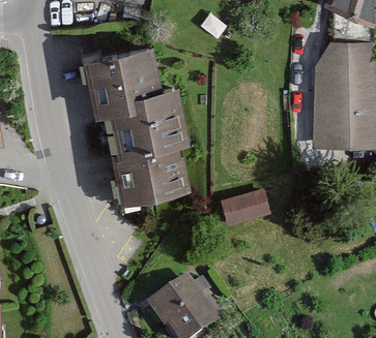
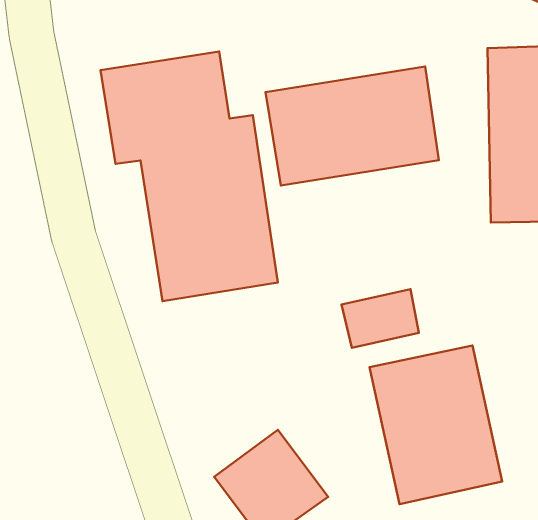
building: none -> [266,67,439,185]
building: none -> [369,346,502,504]

